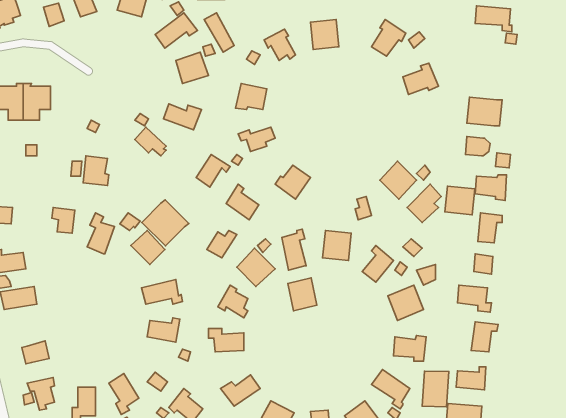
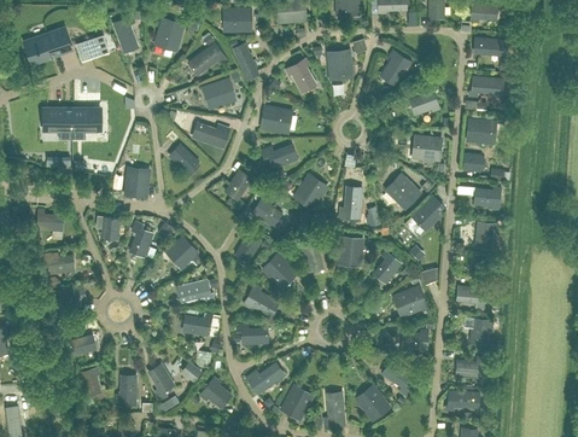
building: none -> [468,76,503,97]
building: none -> [339,186,362,220]
building: [445,186,475,215] -> [415,135,442,161]
building: [142,200,189,246] -> none
building: [288,278,317,311] -> none
building: [422,371,449,407] -> none

